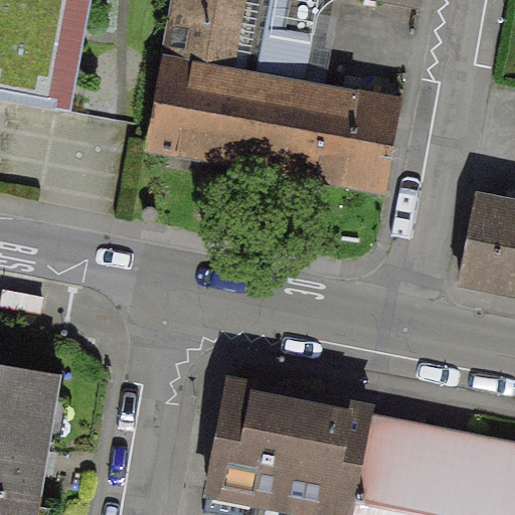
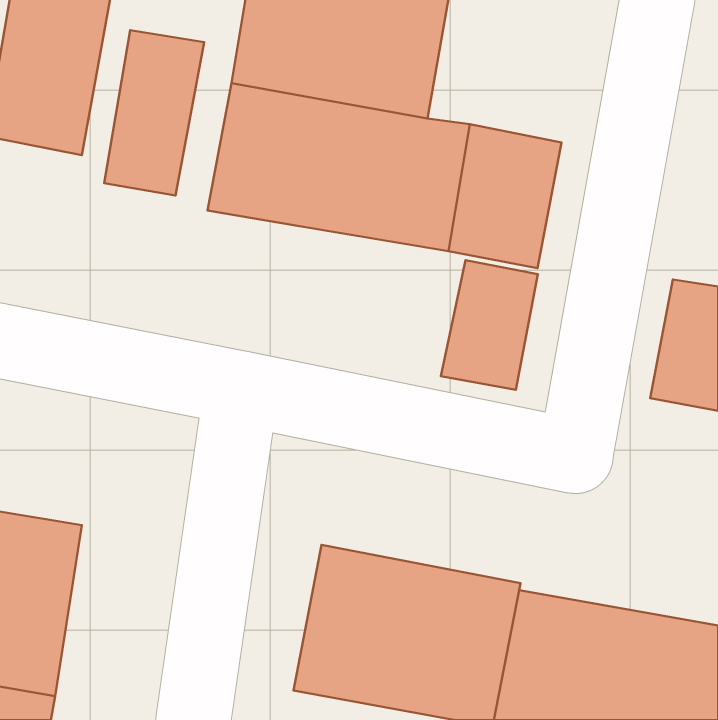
building: none -> [104,30,204,196]
building: none -> [441,260,538,390]

